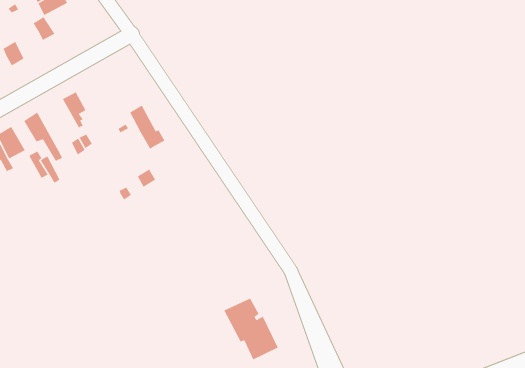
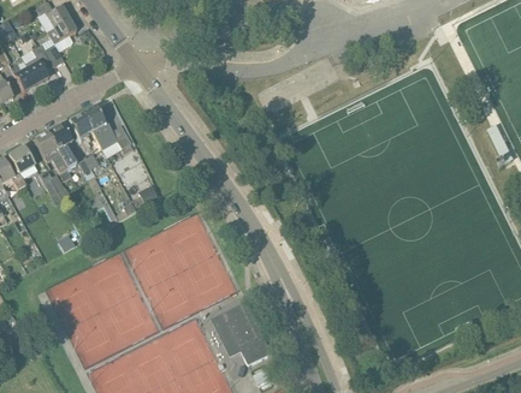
building: none -> [22,42,49,82]
building: none -> [48,124,78,167]
building: [129,105,165,150] -> [84,105,118,147]

